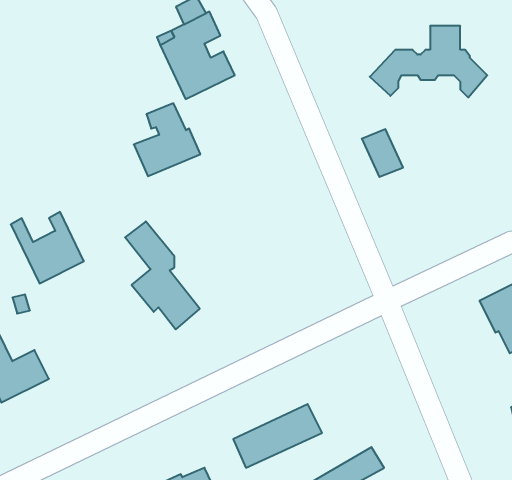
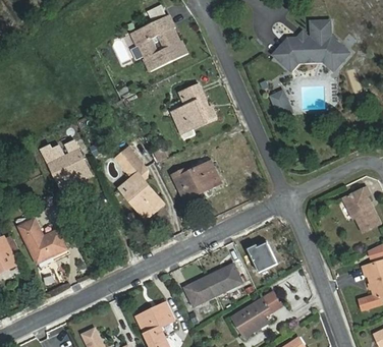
building: [134,103,200,176] -> [172,85,215,132]
building: none -> [172,162,218,200]
building: none -> [245,242,275,272]

